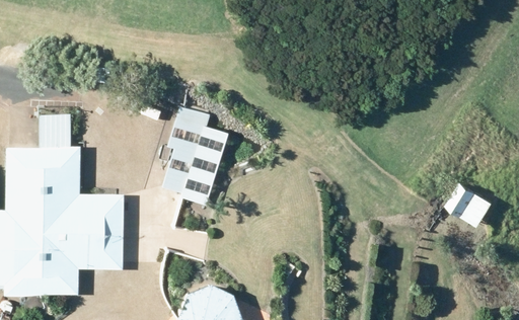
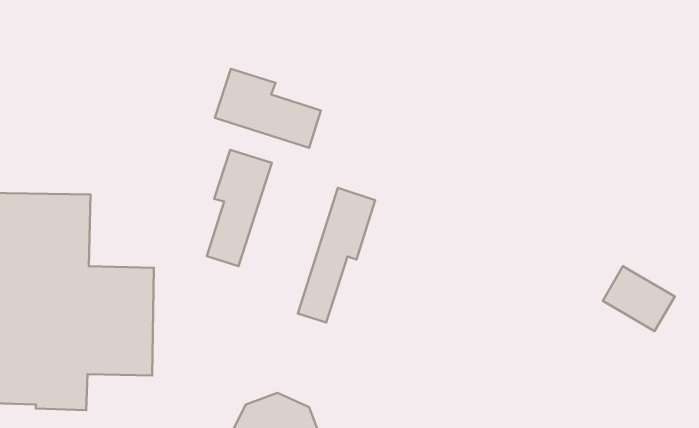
building: none -> [215,69,321,148]
building: none -> [298,188,375,323]

